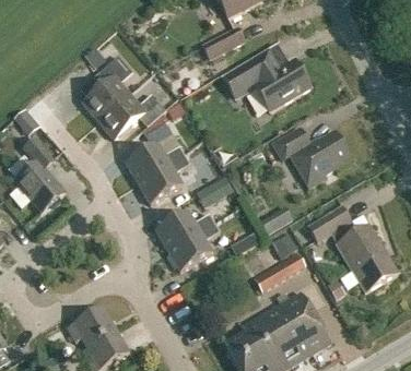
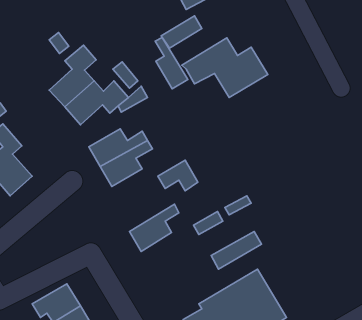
building: none -> [155,37,188,89]
building: [272,127,351,187] -> none
building: [309,204,398,290] -> none
building: [154,211,213,251] -> none

